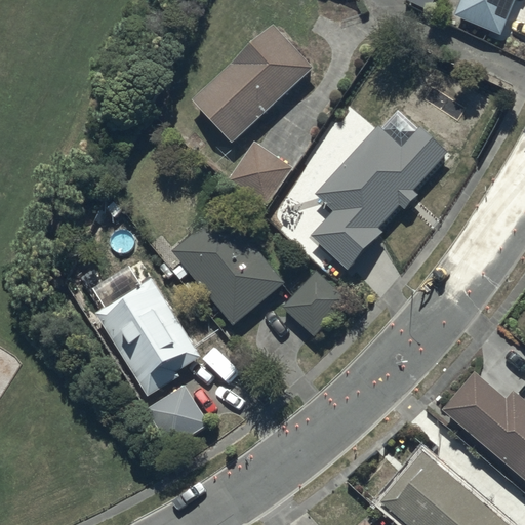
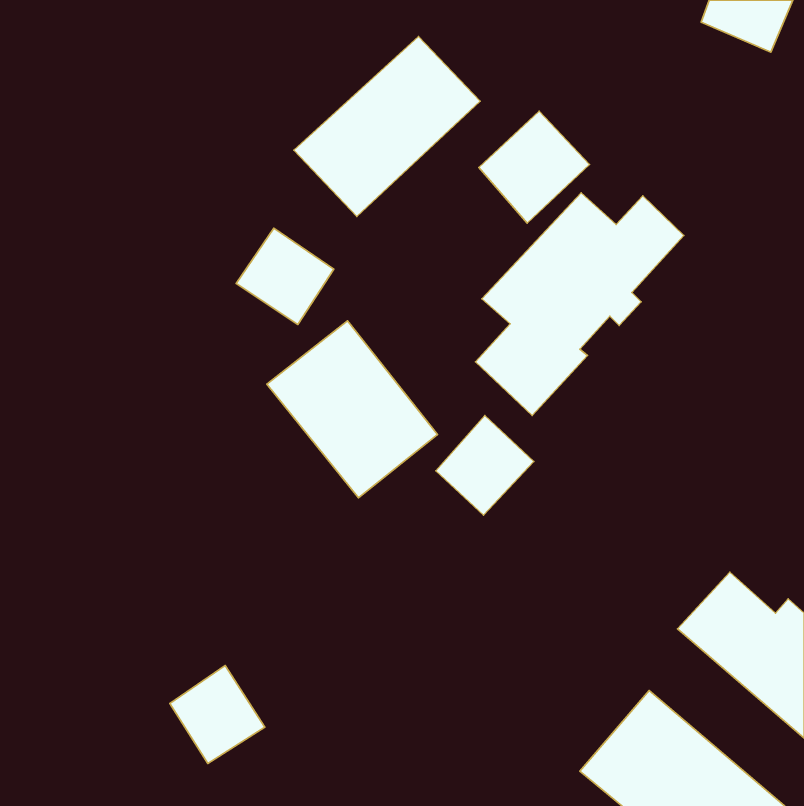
building: none -> [479,111,590,223]
building: [229,143,292,205] -> [236,228,334,325]
building: [96,277,201,397] -> none
building: [148,385,209,448] -> [170,666,265,764]

